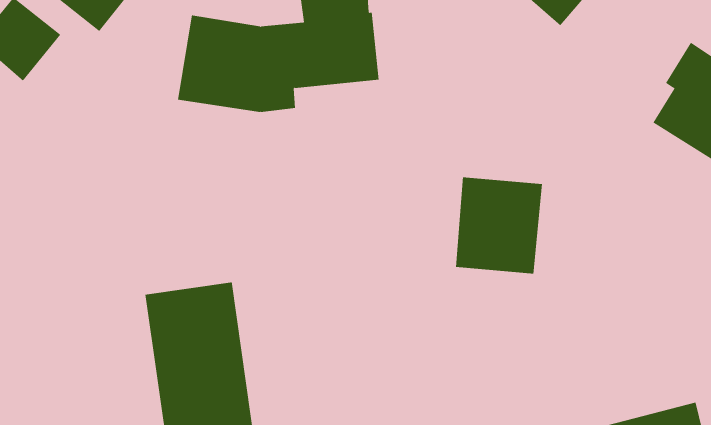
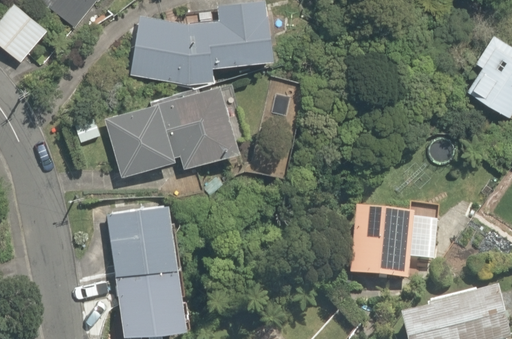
building: none -> [105,83,239,175]
building: [455,177,543,274] -> [350,211,412,280]

